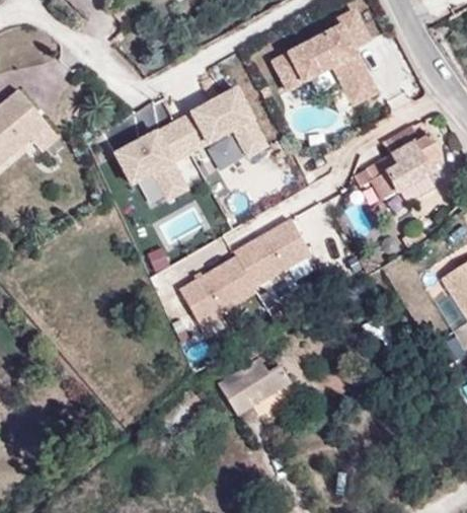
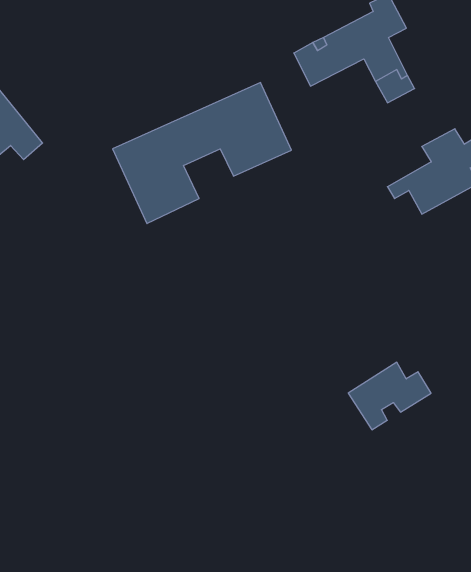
building: [178,220,317,319] -> none
building: [218,357,289,415] -> [348,362,431,430]

